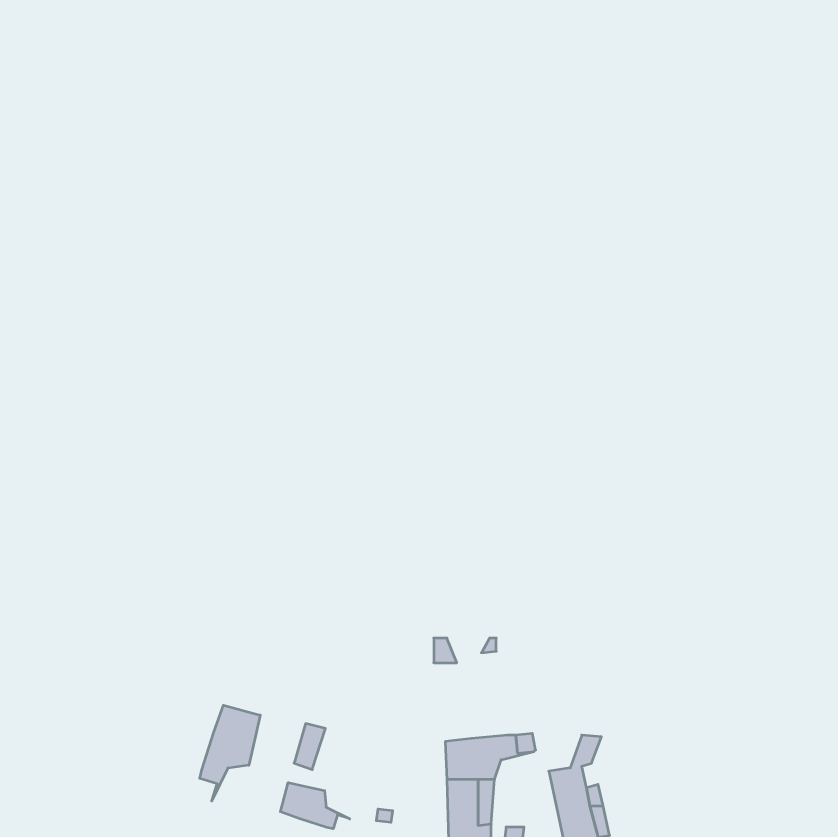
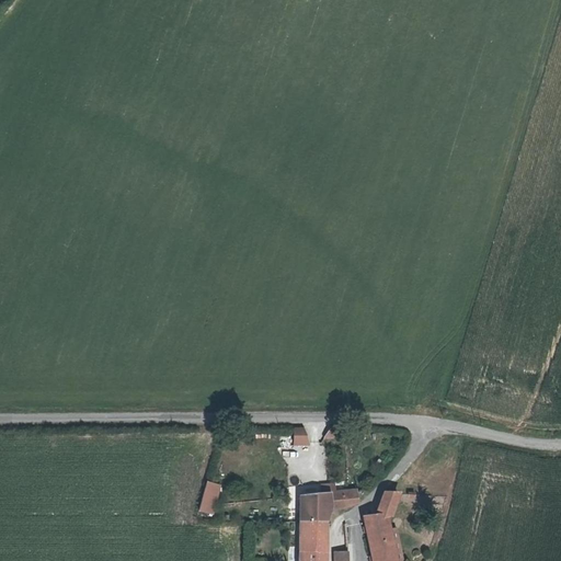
building: [200,705,260,801] -> none
building: [280,783,350,829] -> none

